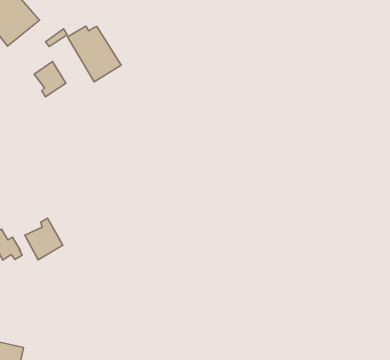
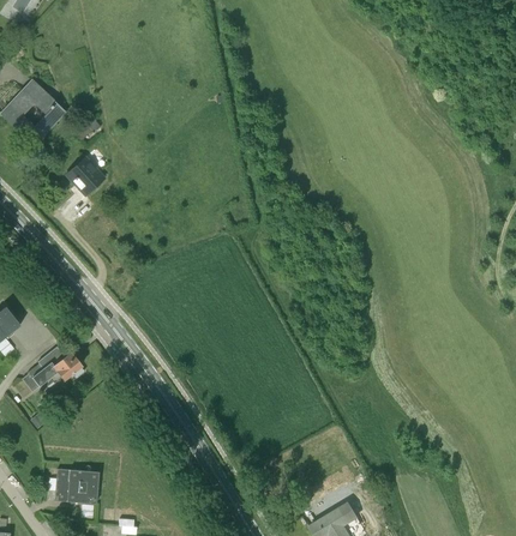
building: [68,26,121,82] -> none
building: [25,218,63,260] -> none

